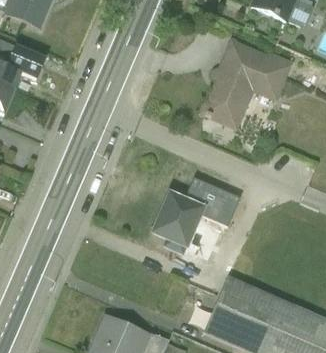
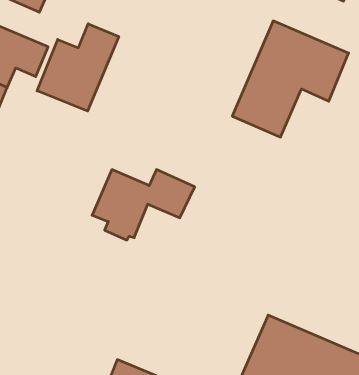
building: none -> [37,24,119,111]
building: [152,193,235,250] -> [92,170,195,240]

